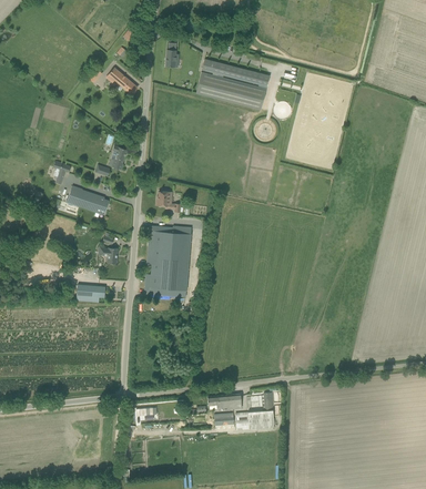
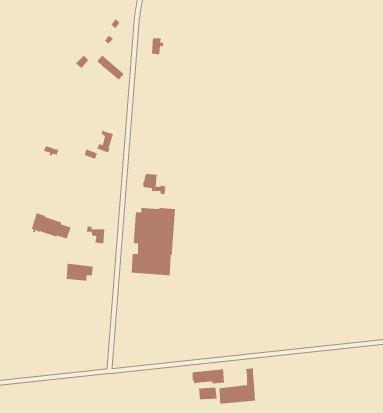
building: [195,58,270,109] -> none
building: [67,184,109,212] -> [31,213,71,239]

